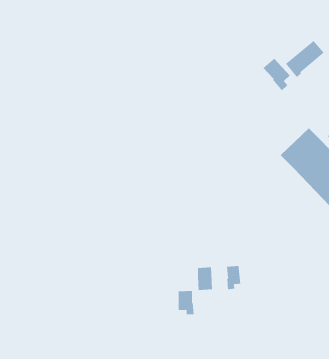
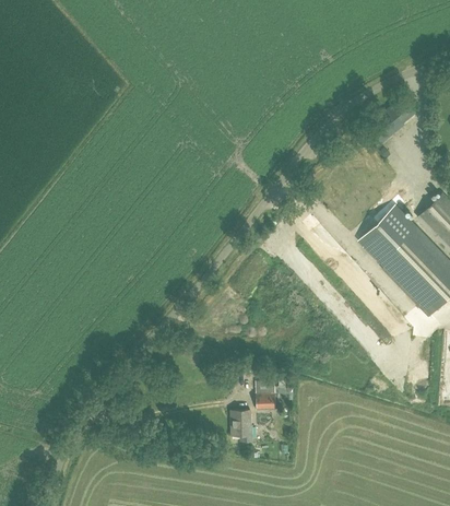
building: [263,58,290,91] -> none
building: [226,265,241,290] -> none

